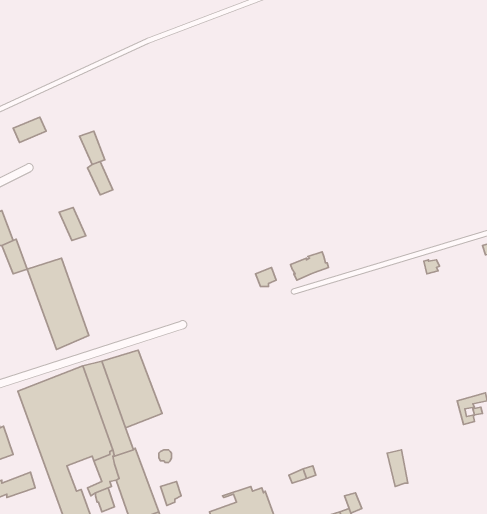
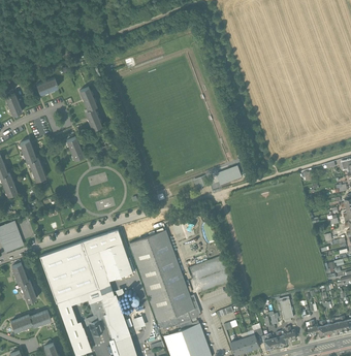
building: [27,258,89,350] -> none
building: none -> [130,230,200,329]

